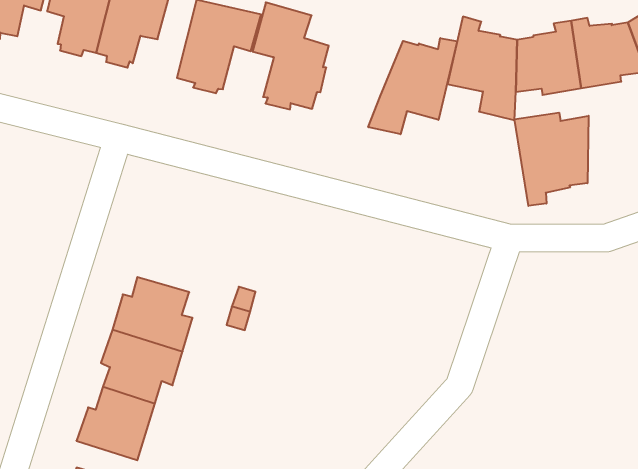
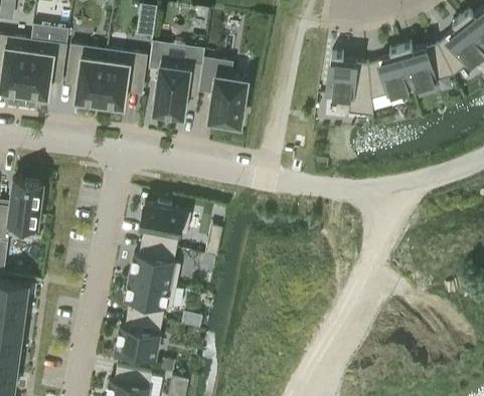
building: [368,38,457,134] -> none
building: [514,113,589,206] -> none
building: none -> [140,205,190,249]

